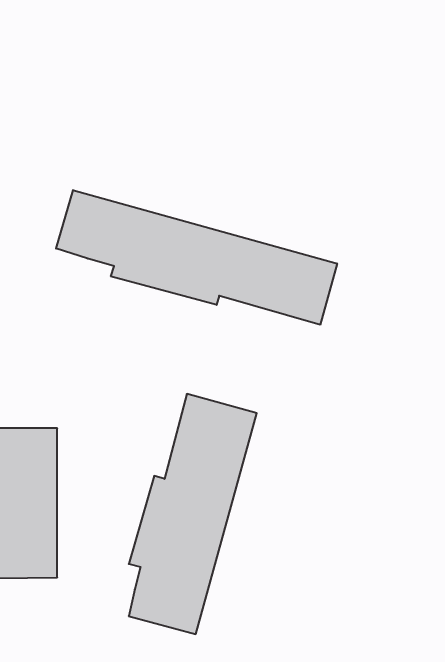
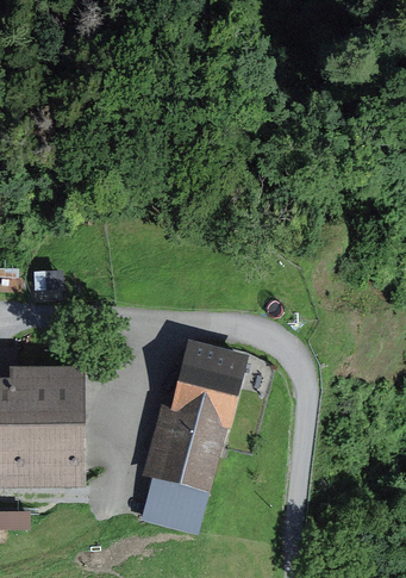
building: [56,190,337,325] -> none

